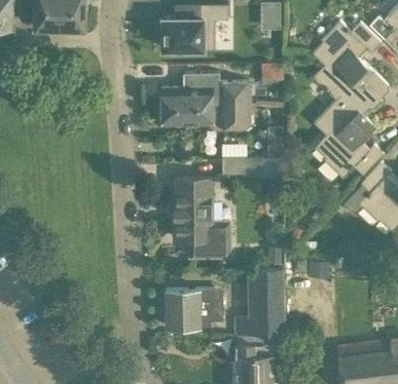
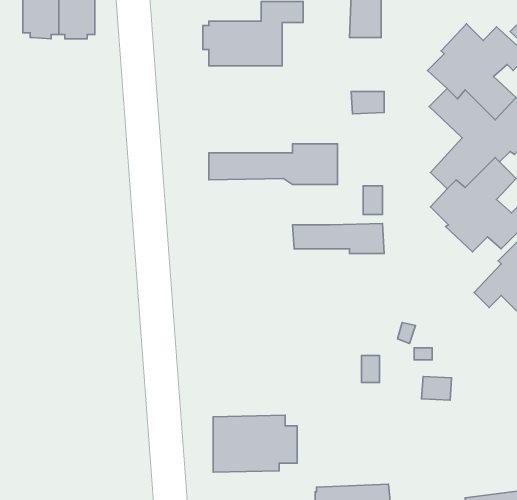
building: [161,75,250,108] -> none
building: [175,181,228,255] -> none
building: [234,267,284,333] -> none

